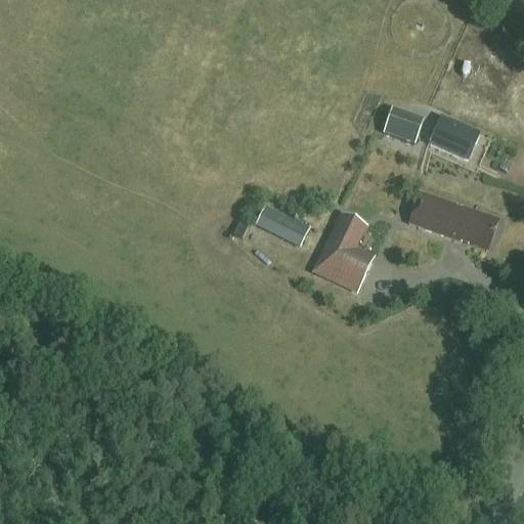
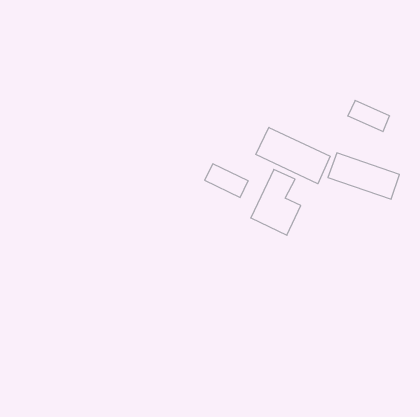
building: [382,105,424,142] -> none
building: none -> [256,127,330,184]

